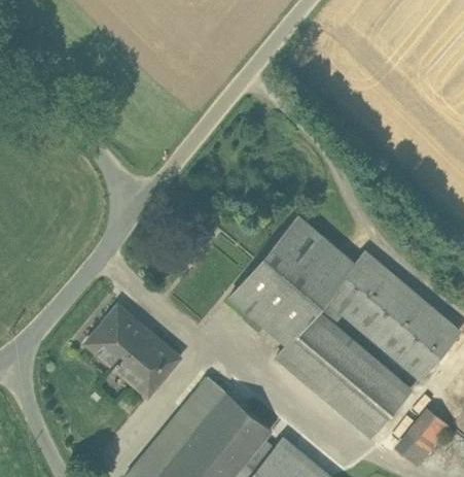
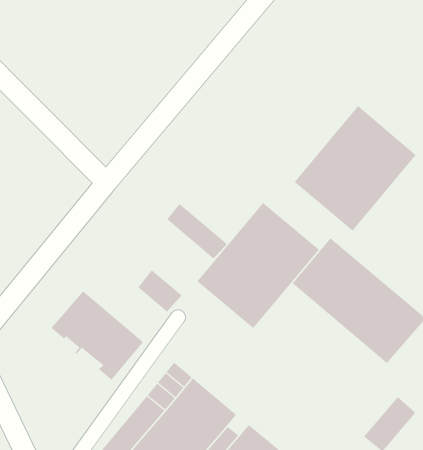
building: none -> [294,105,417,232]
building: none -> [167,203,228,259]
building: none -> [137,269,182,313]
building: [276,311,409,437] -> none

